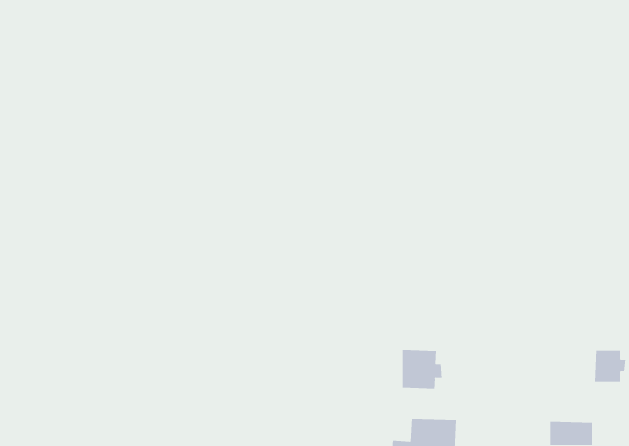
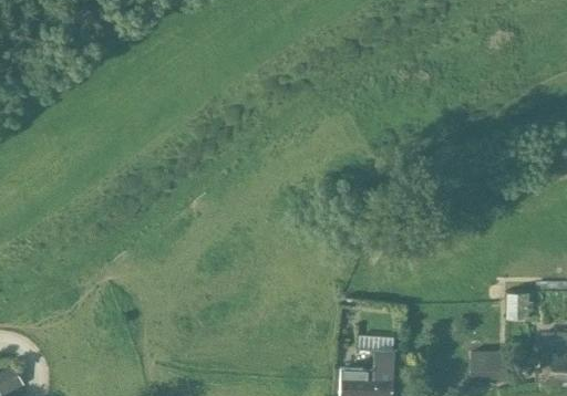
building: [402,349,442,390] -> none

